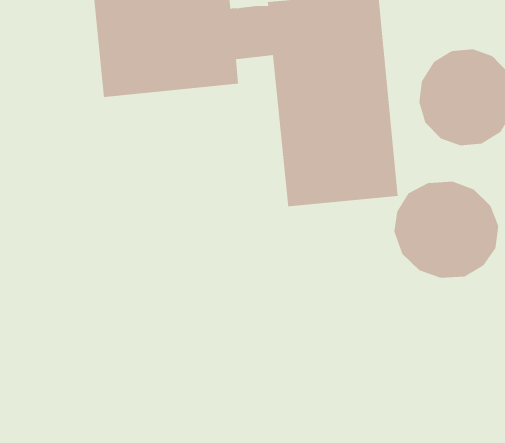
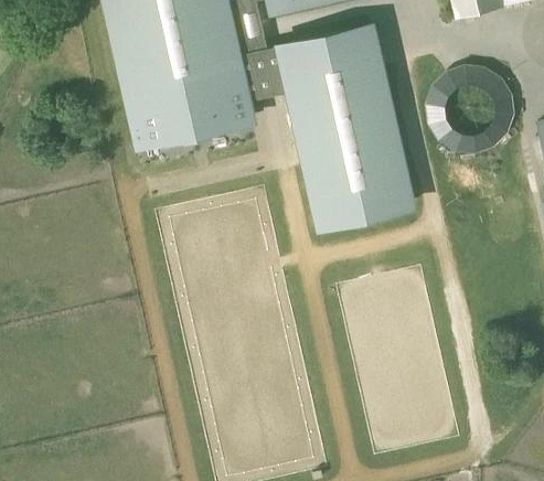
building: [394,181,499,279] -> none

